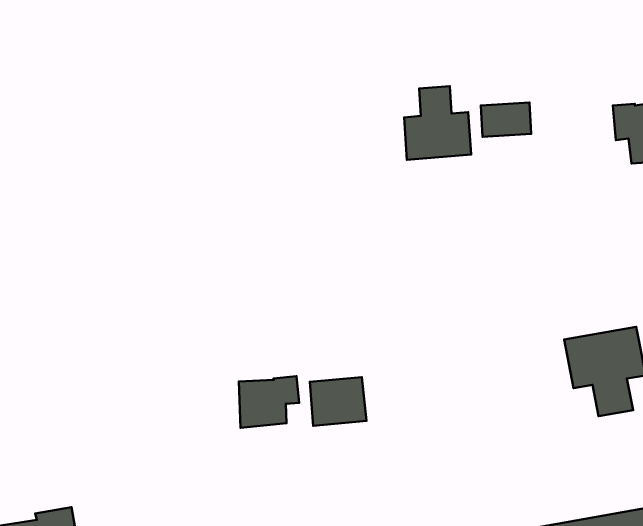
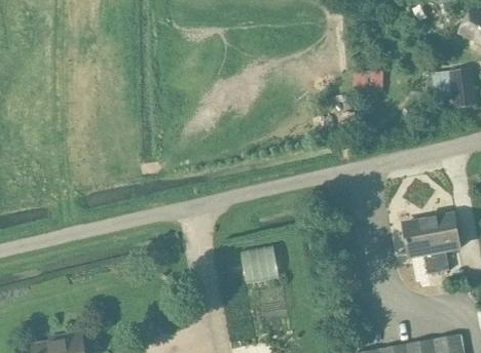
building: [404,86,471,160] -> none
building: [239,376,299,428] -> none

